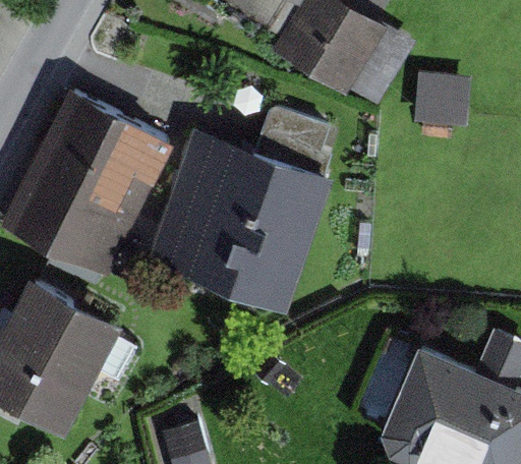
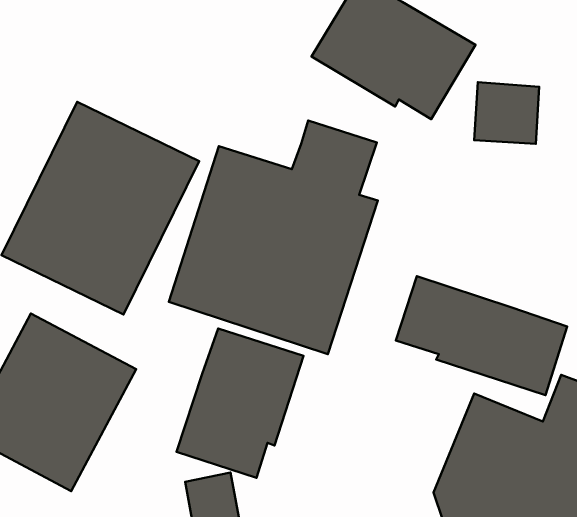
building: none -> [396,276,567,395]
building: none -> [176,329,304,478]

